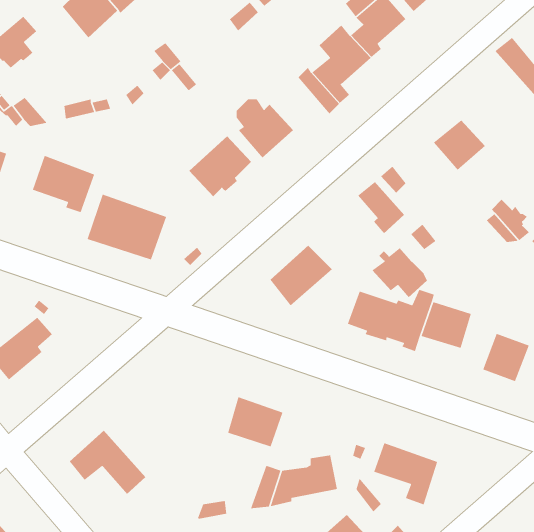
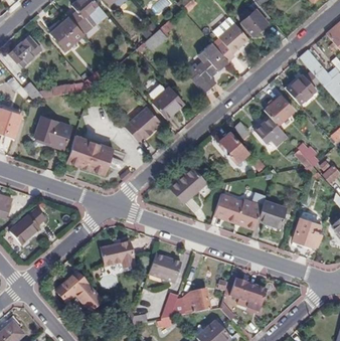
building: none -> [286,73,316,104]
building: [372,247,428,298] -> [254,117,287,146]
building: none -> [101,244,134,269]

